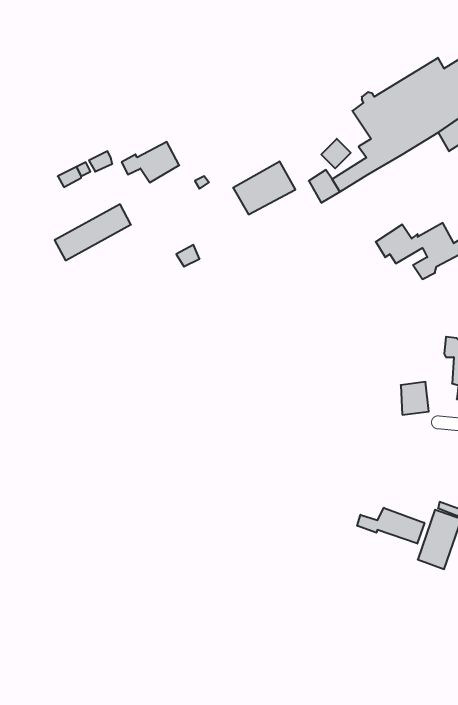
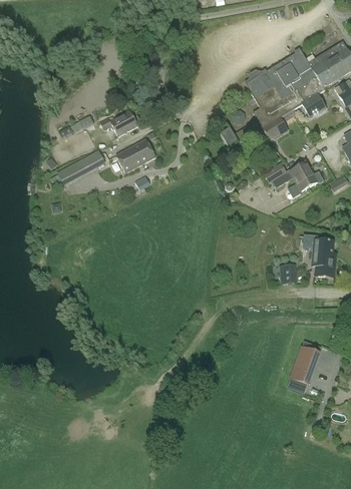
building: none -> [259,116,289,140]
building: [233,161,295,214] -> [115,137,155,171]
building: [357,508,424,544] -> none

